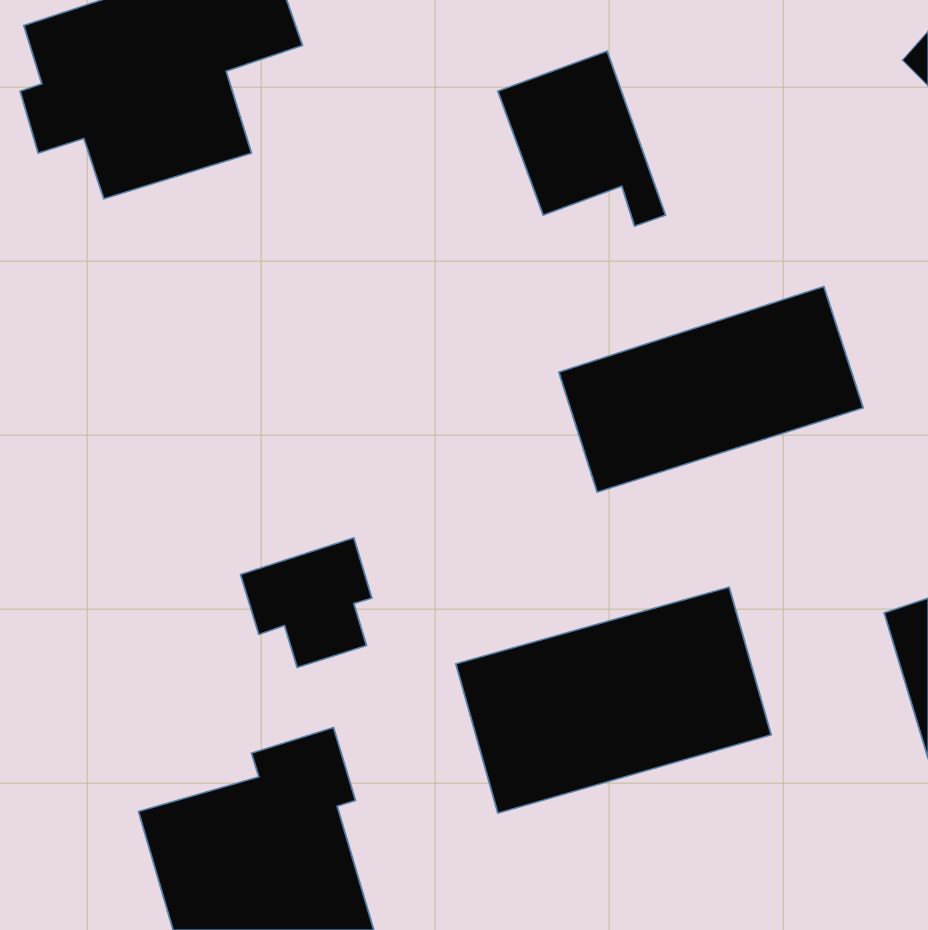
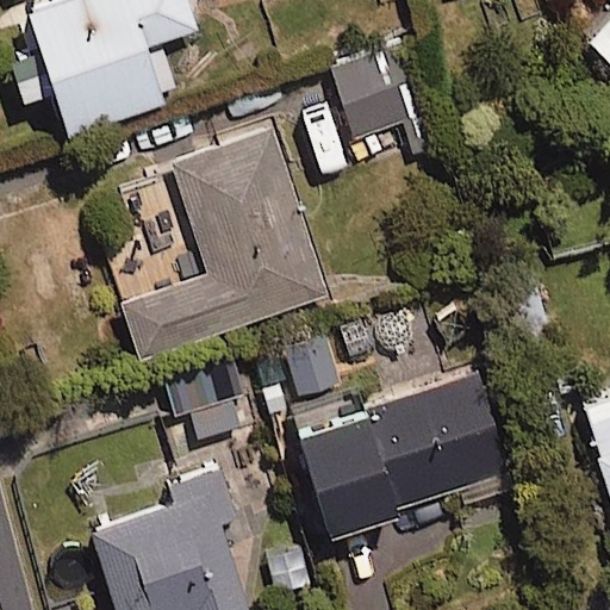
building: none -> [122,125,332,359]
building: [559,287,863,492] -> none

